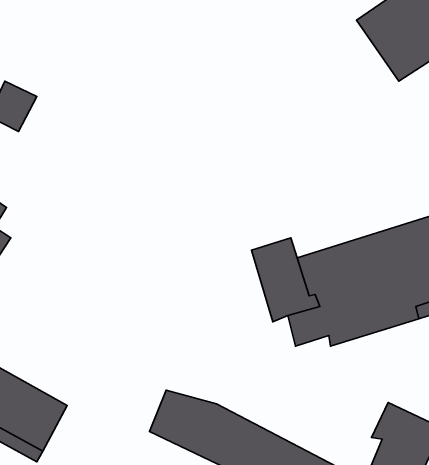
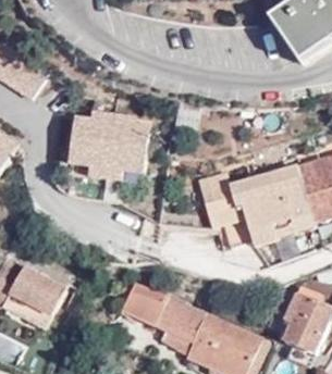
building: none -> [69,113,146,177]

